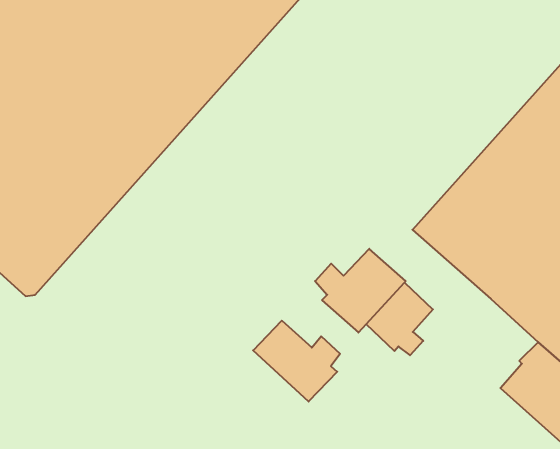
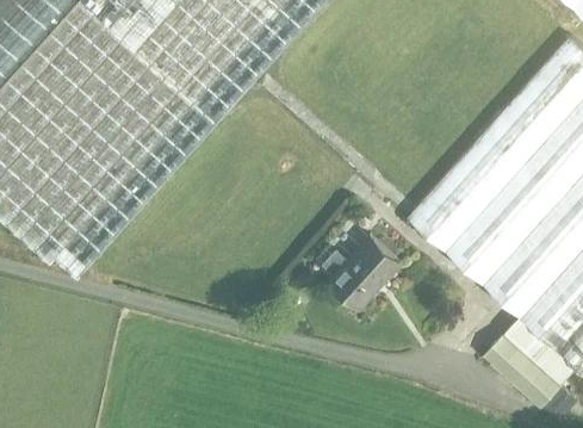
building: [366,282,433,355] -> none
building: [253,321,340,402] -> none

